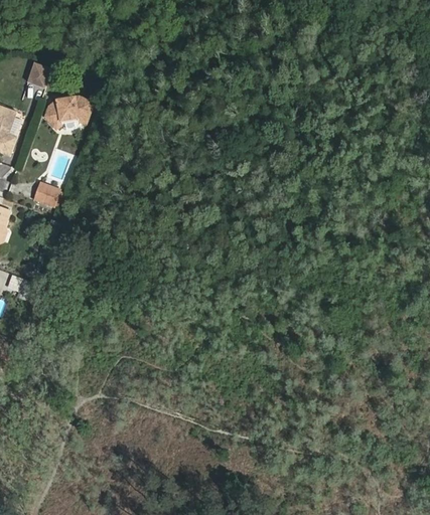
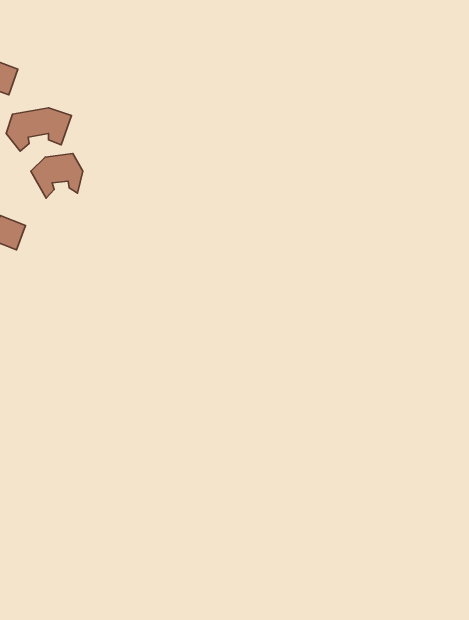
building: none -> [31,154,83,198]

